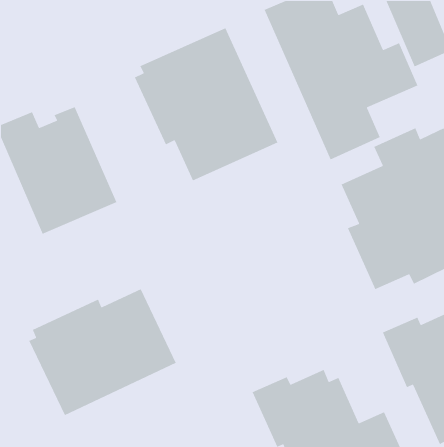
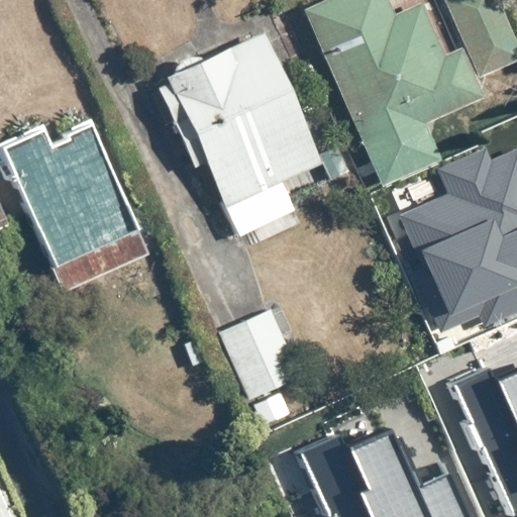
building: none -> [219,309,304,400]
building: [28,288,177,416] -> none

